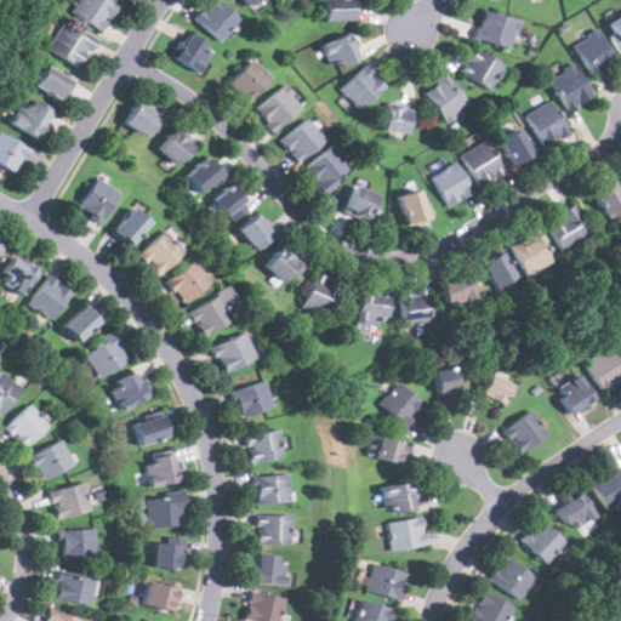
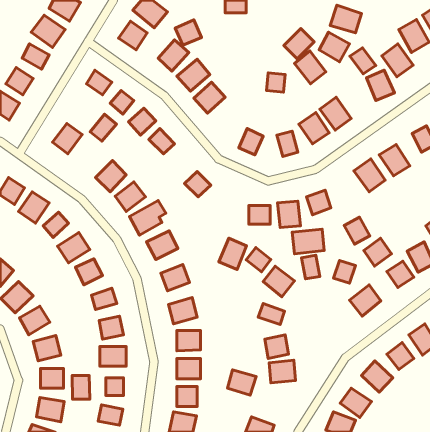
building: [324,32,361,68] -> [175,20,202,45]
building: [343,64,387,108] -> [284,28,314,59]
building: [500,127,537,165] -> [350,48,376,74]
building: [306,143,355,192] -> none
building: [114,206,152,245] -> [90,114,116,141]
building: [241,213,278,251] -> none
building: [482,250,518,289] -> [344,217,370,244]
building: [303,273,343,318] -> [219,238,247,269]
building: none -> [292,229,324,254]
building: none -> [364,238,391,266]
building: none -> [246,248,271,272]
building: none -> [72,375,90,399]
building: [368,563,409,599] -> [227,370,256,395]

